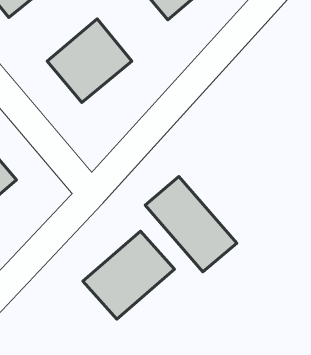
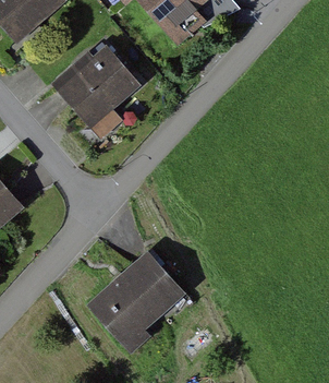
building: [145,177,237,272] -> none

